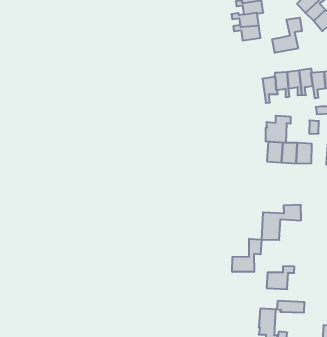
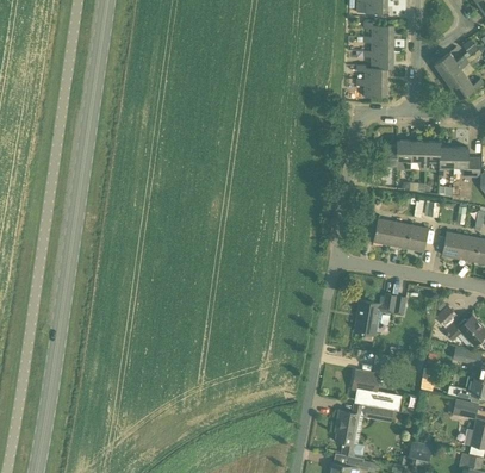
building: [272,18,302,53] -> none
building: [266,116,290,143] -> none
building: [232,239,262,272] -> none

